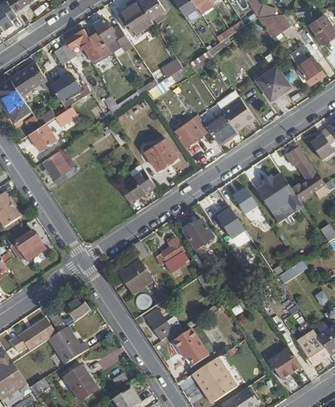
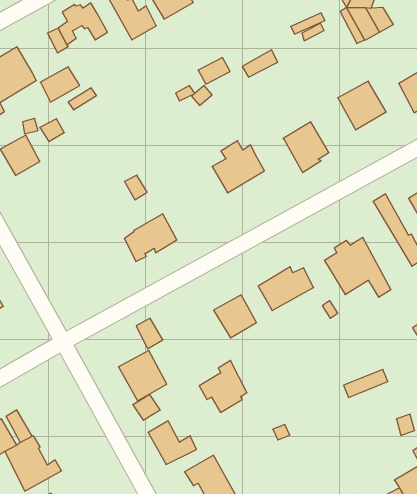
building: [87,31,110,63] -> none
building: [204,110,237,145] -> none
building: [144,137,177,169] -> none
building: [41,150,68,183] -> none
building: [156,236,189,272] -> [199,360,247,412]
building: [63,294,90,321] -> none

